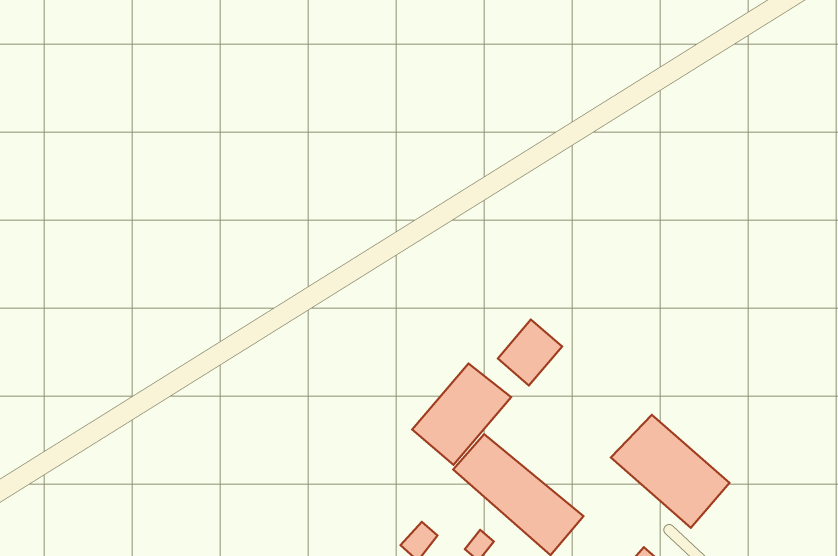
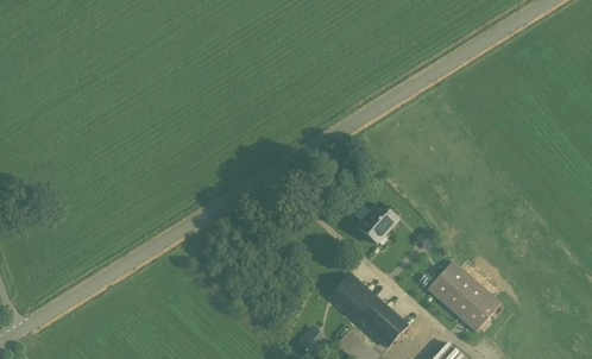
building: [412,363,511,465] -> none

